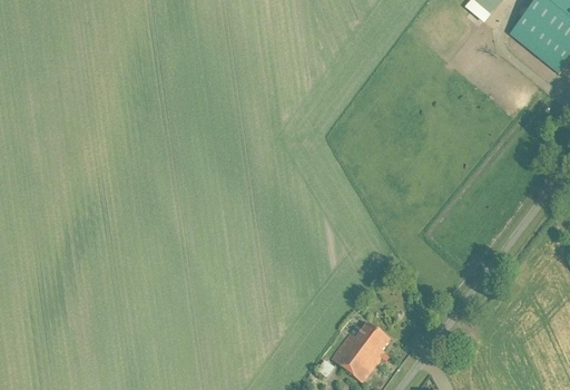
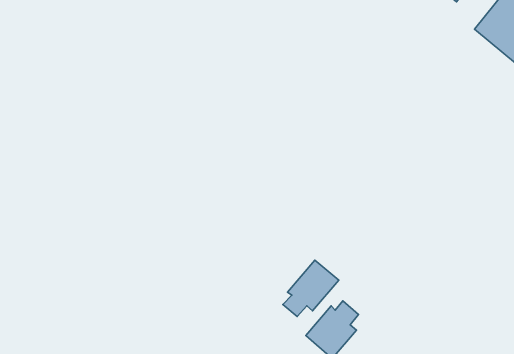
building: none -> [283,260,339,317]

